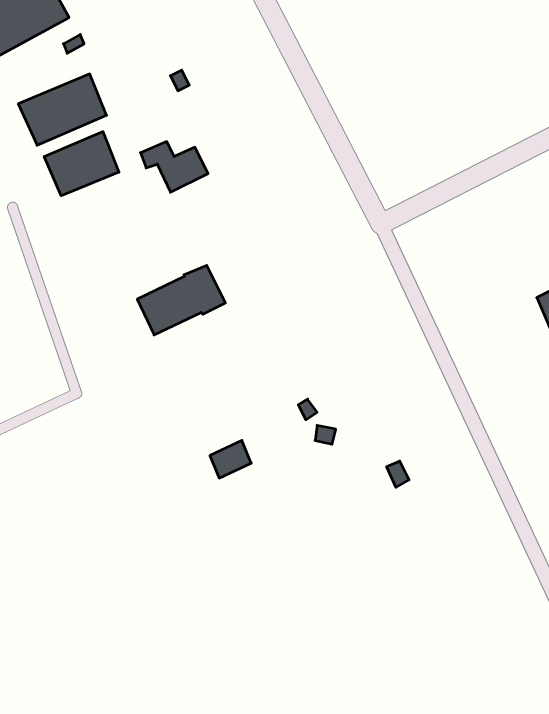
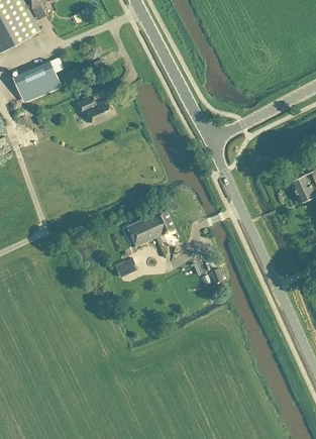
building: [44,132,119,196] -> none
building: [137,265,225,335] -> [127,208,175,245]

